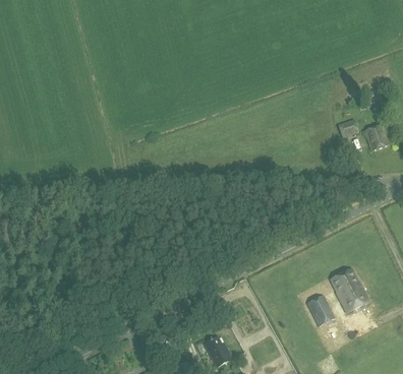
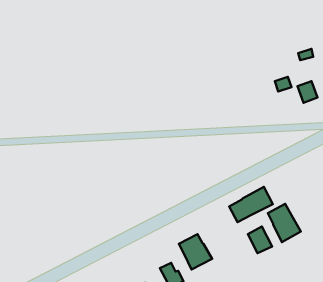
building: none -> [229,187,273,222]
building: none -> [179,234,212,270]

